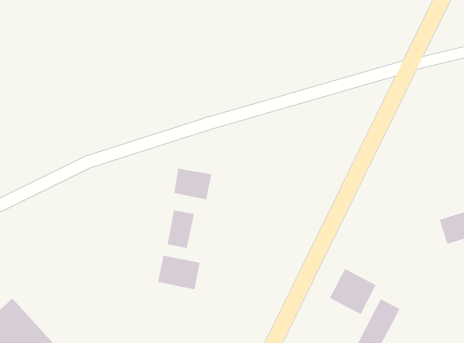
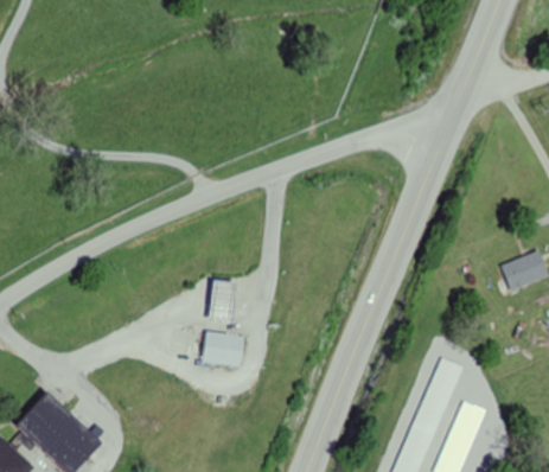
building: [174,168,212,200] -> none
building: [329,268,377,315] -> none

